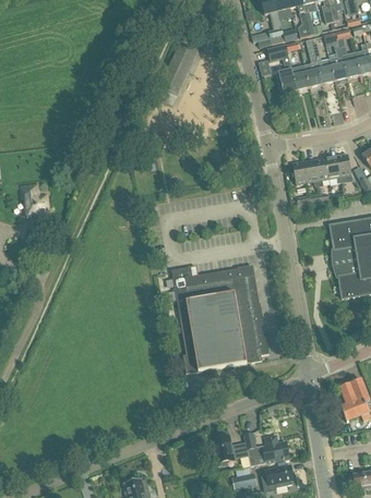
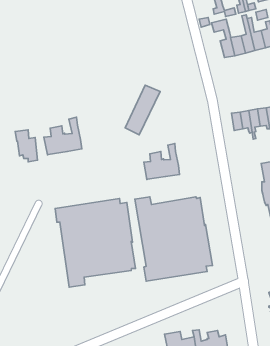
building: [155,41,199,104] -> [125,85,160,135]
building: none -> [44,117,82,155]
building: none -> [144,144,179,179]
building: none -> [55,198,135,287]

